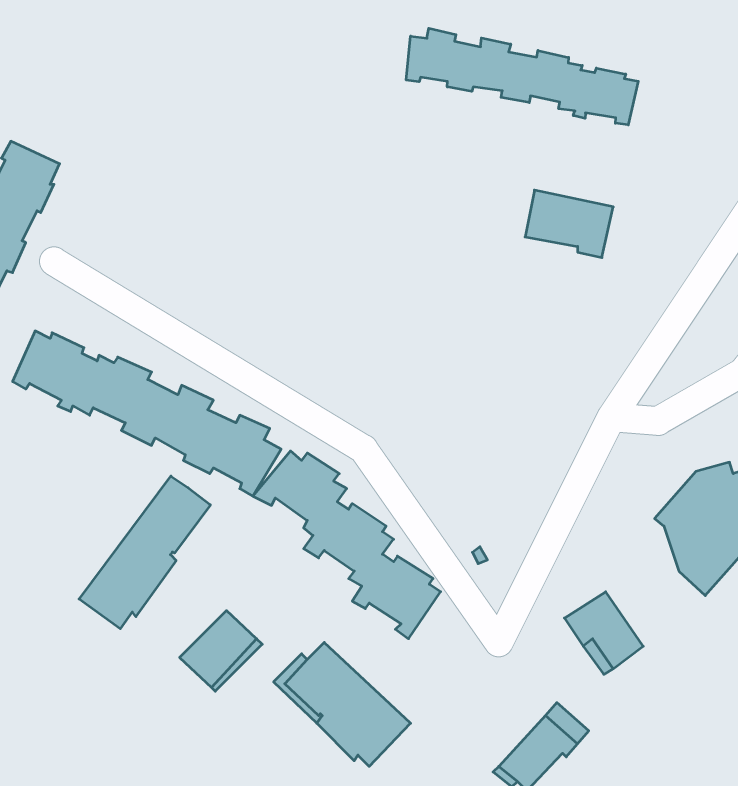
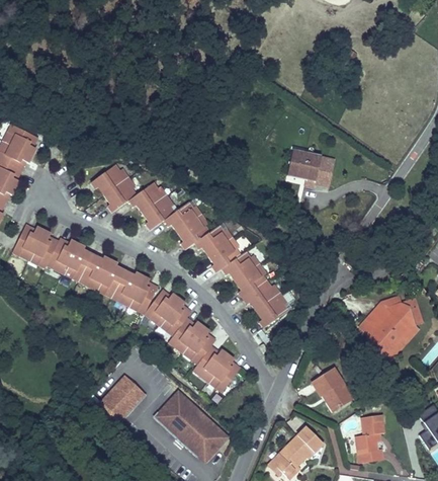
building: [406,28,638,125] -> none
building: none -> [91,165,289,328]
building: [79,476,210,629] -> none
building: none -> [356,415,382,462]

